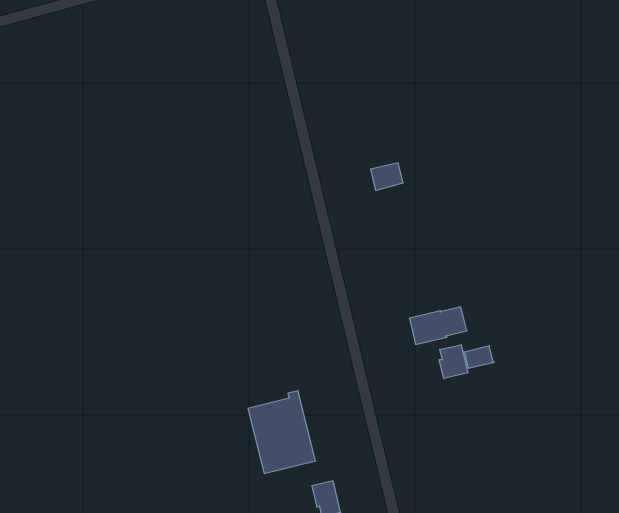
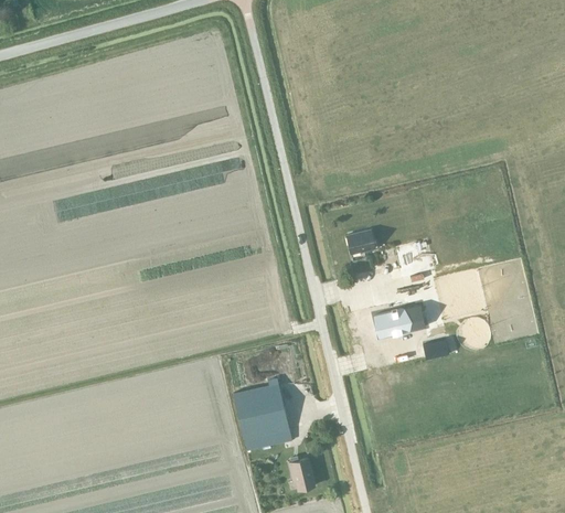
building: [371,163,403,190] -> [347,229,375,254]
building: [439,345,468,379] -> none

